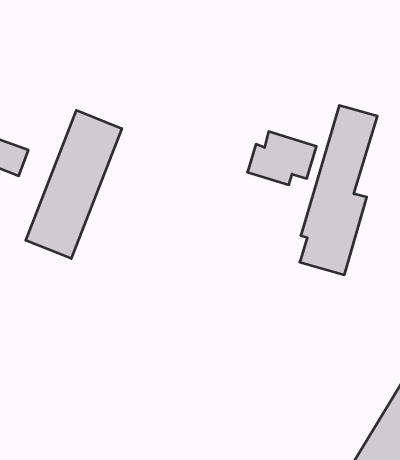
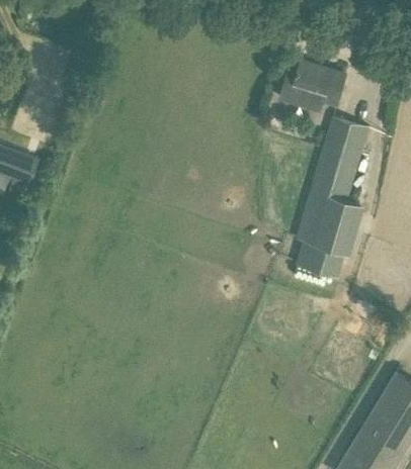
building: [26,110,122,259] -> none
building: [247,132,316,185] -> [279,61,345,111]

